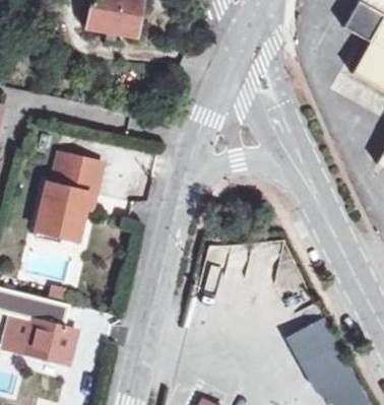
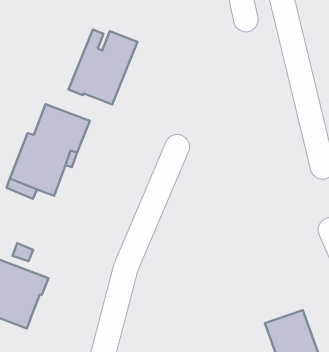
building: none -> [69,30,137,105]

